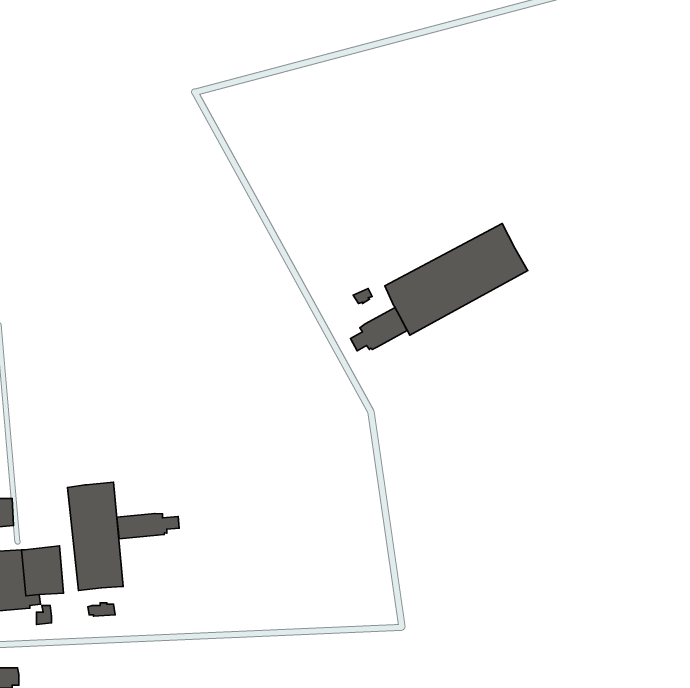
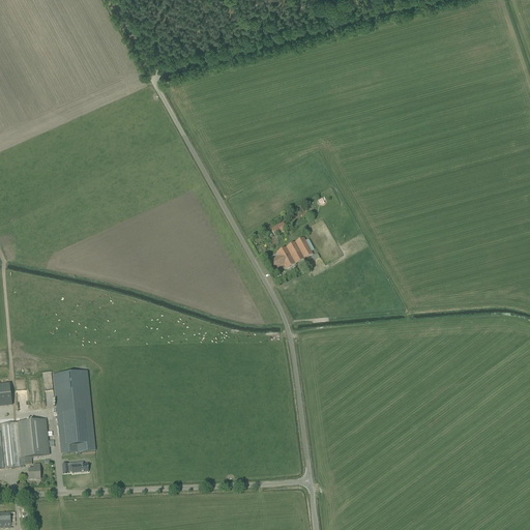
building: [385,224,528,335] -> none
building: [117,514,179,539] -> none

